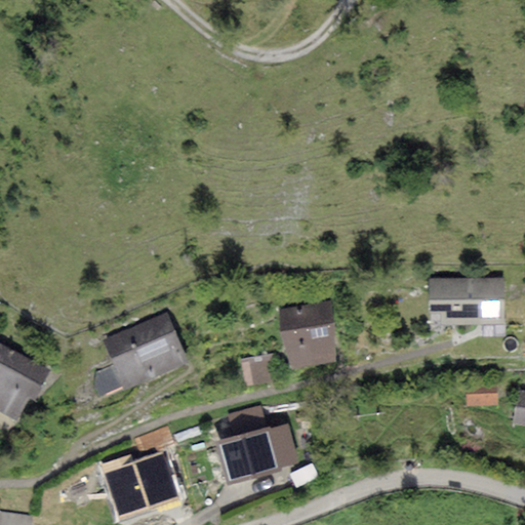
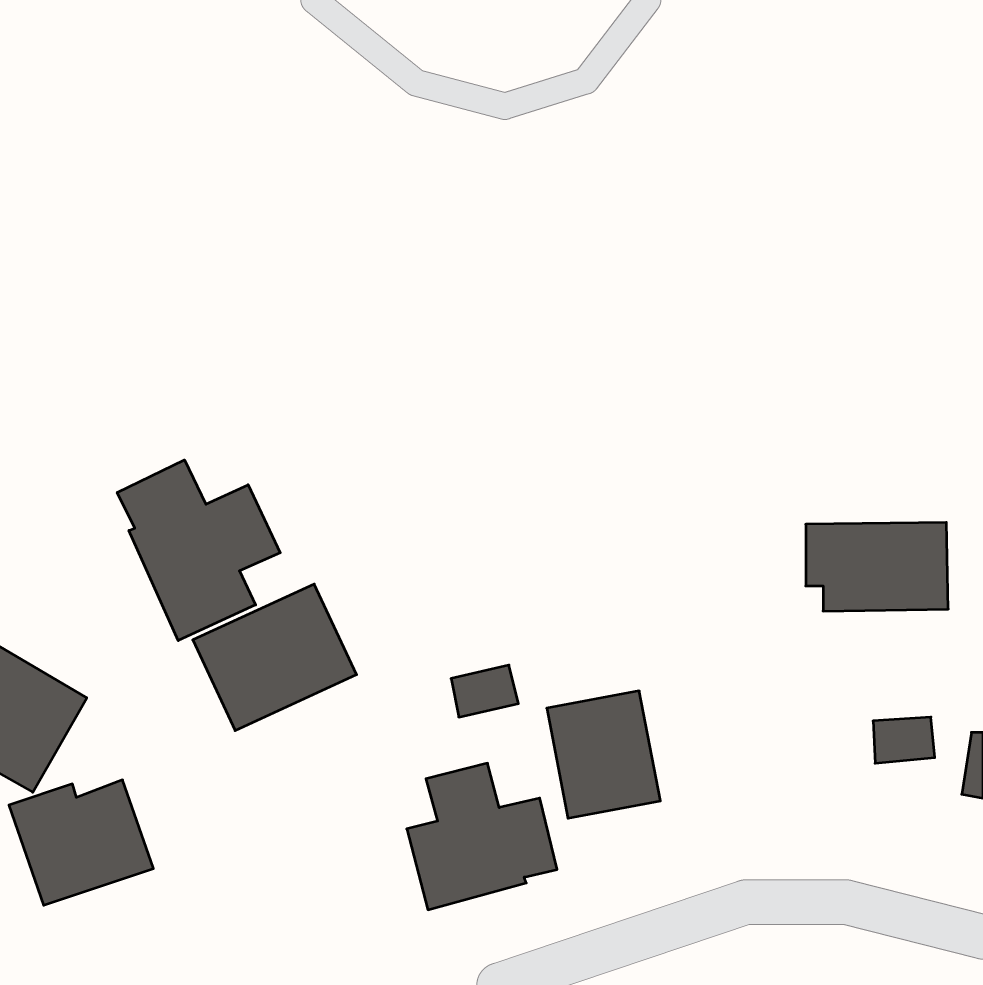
building: none -> [117,460,280,641]
building: [278,302,338,370] -> [547,691,660,818]
building: [99,451,176,518] -> [9,780,153,905]

